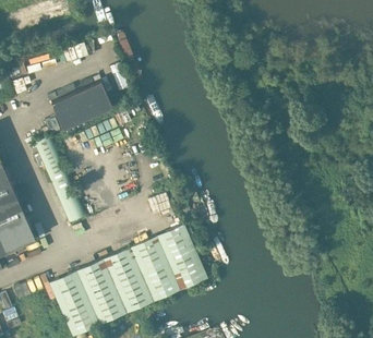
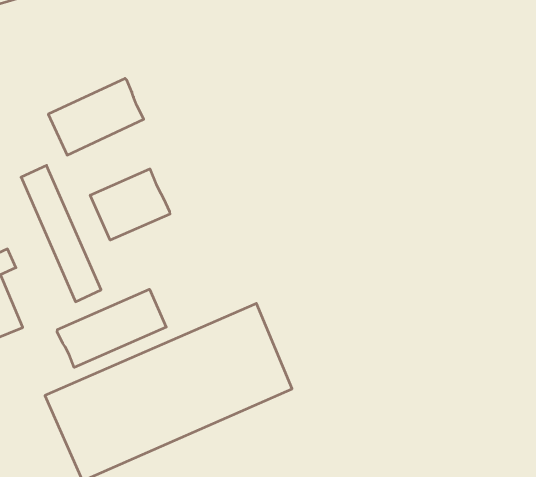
building: none -> [90,169,170,240]
building: none -> [57,289,166,367]

